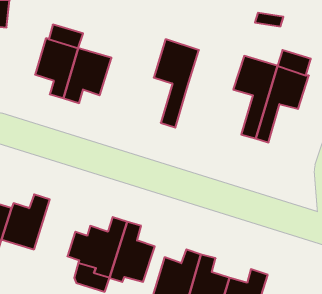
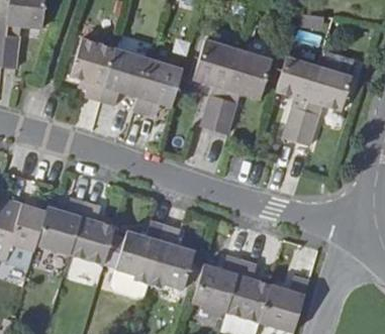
building: none -> [215,51,274,135]
building: none -> [134,60,183,116]
building: none -> [70,205,115,266]

